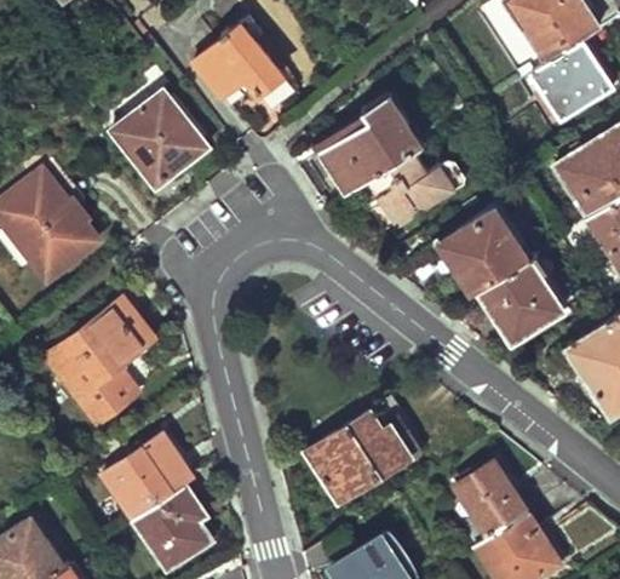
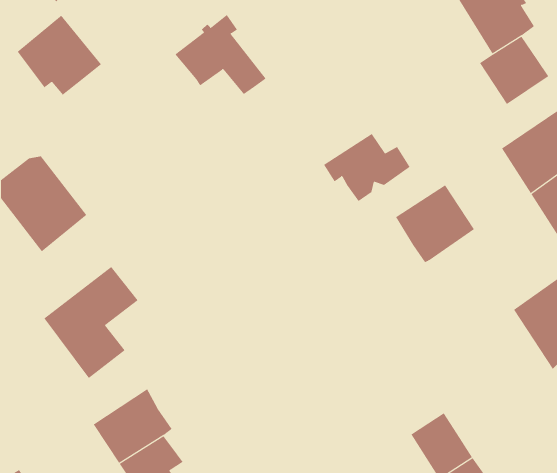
building: [113,90,207,179] -> [17,15,102,96]
building: [320,94,421,194] -> none
building: [476,251,563,340] -> none
building: [306,408,413,503] -> none

